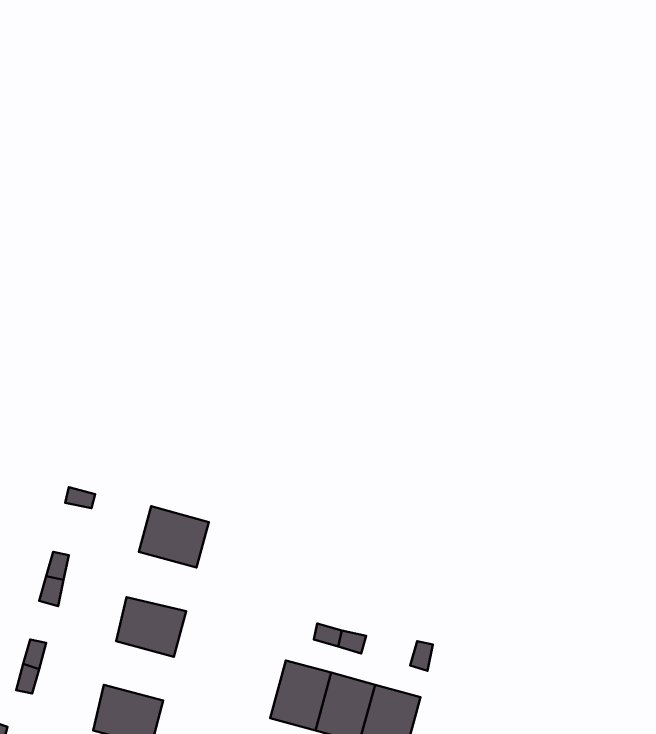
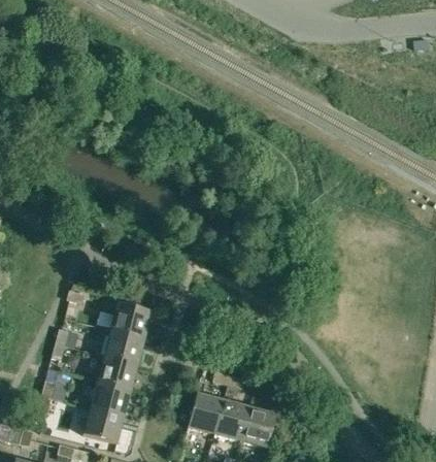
building: none -> [102,328,143,363]
building: none -> [89,381,130,416]

